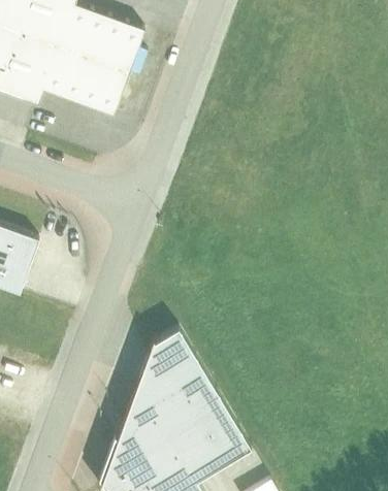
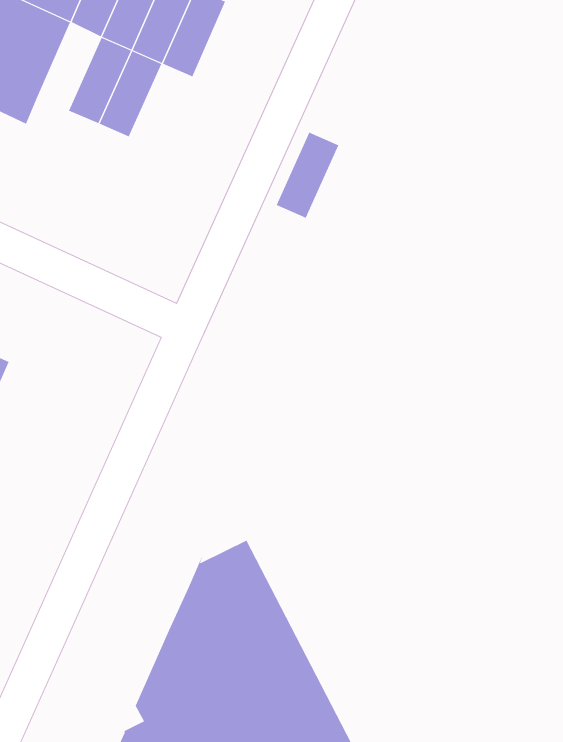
building: [43,47,76,97] -> none
building: [96,67,129,116] -> [276,132,339,219]

